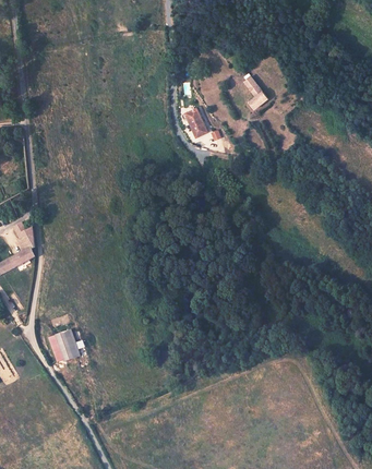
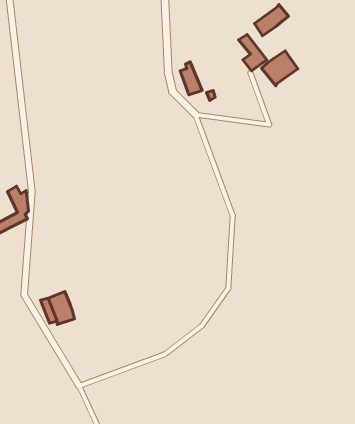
building: none -> [254,5,288,36]
building: none -> [262,51,298,86]

